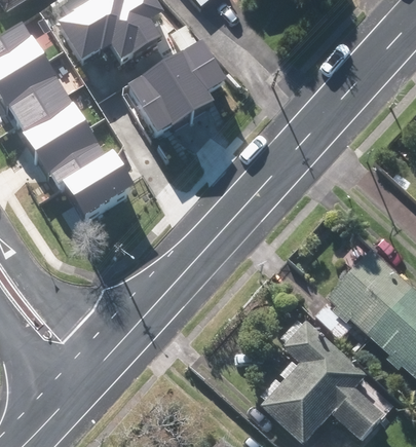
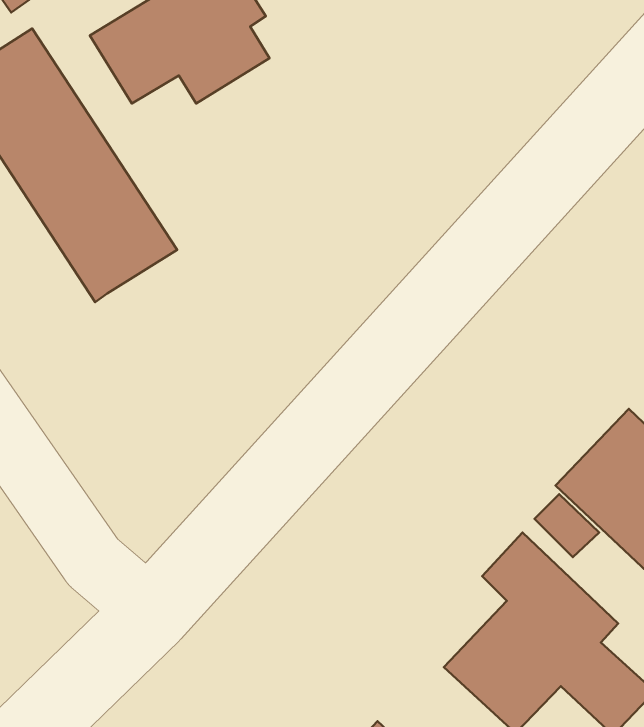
building: [123,48,223,142] -> none
building: [64,150,131,212] -> none

